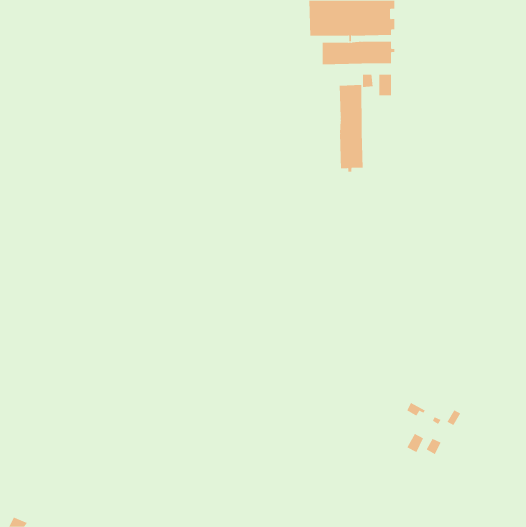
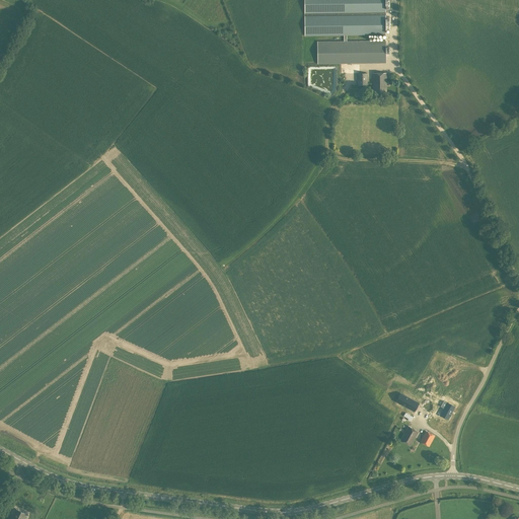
building: [339,84,363,172] -> none

